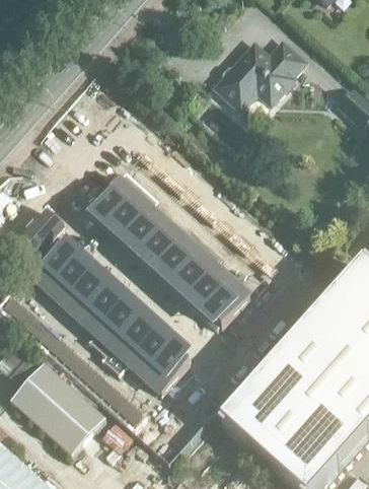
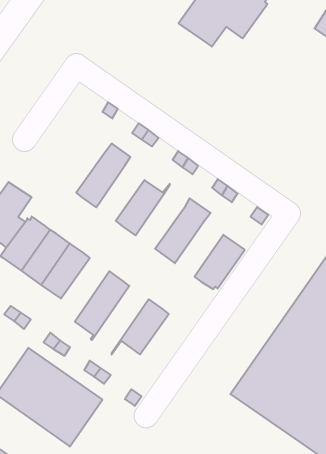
building: [90,168,143,223] -> none
building: [122,197,168,253] -> none
building: [154,226,207,282] -> none
building: [187,256,233,311] -> none
building: [80,283,127,339] -> none
building: [103,312,159,371] -> none
building: [145,342,191,391] -> none

